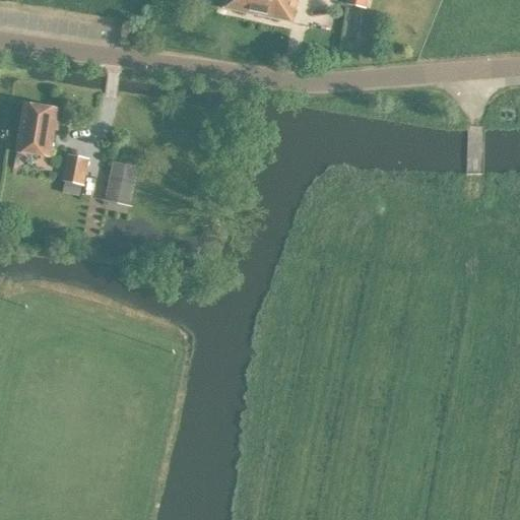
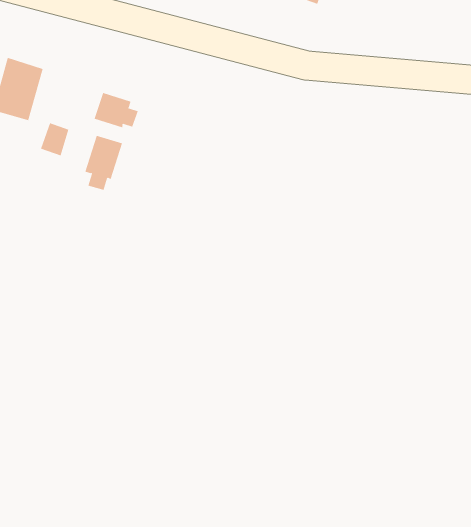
building: none -> [94,92,139,128]

